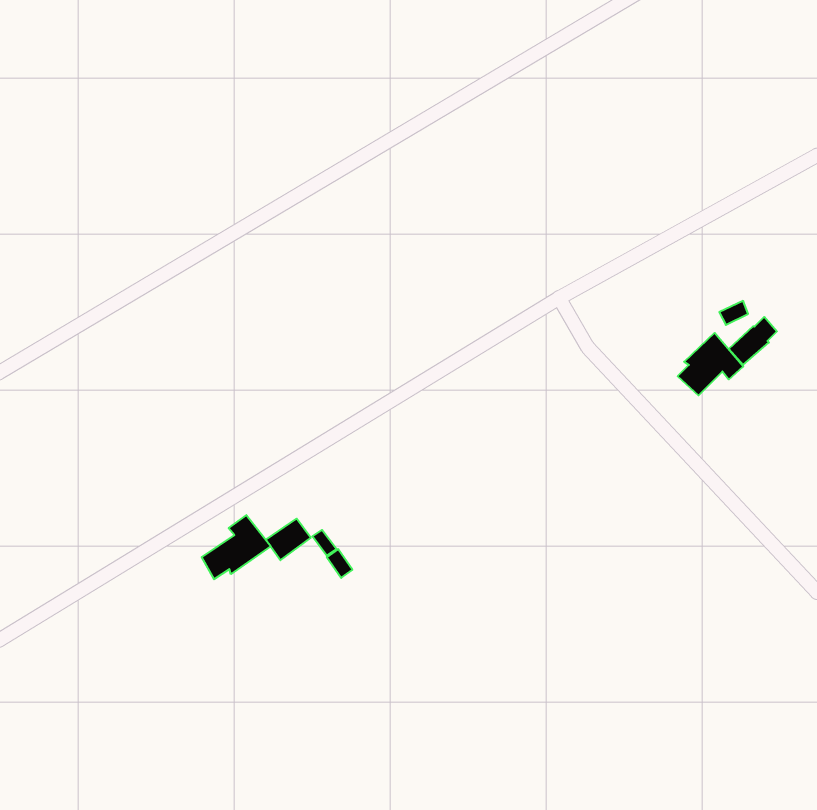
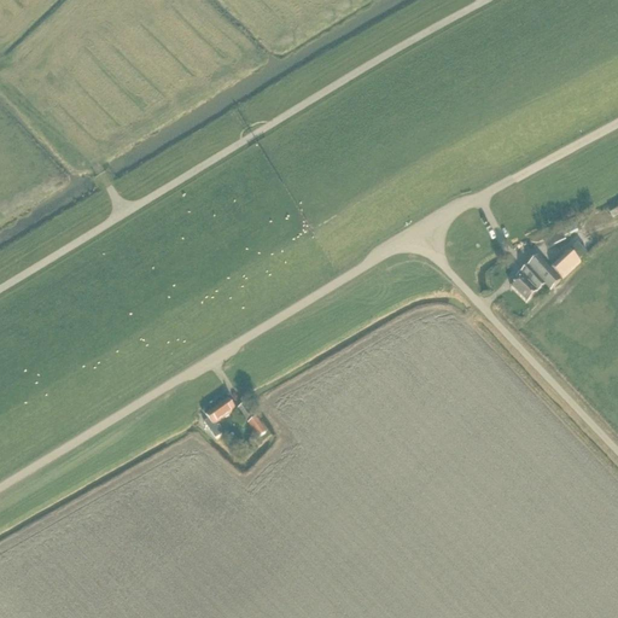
building: [202,515,271,579] -> none

